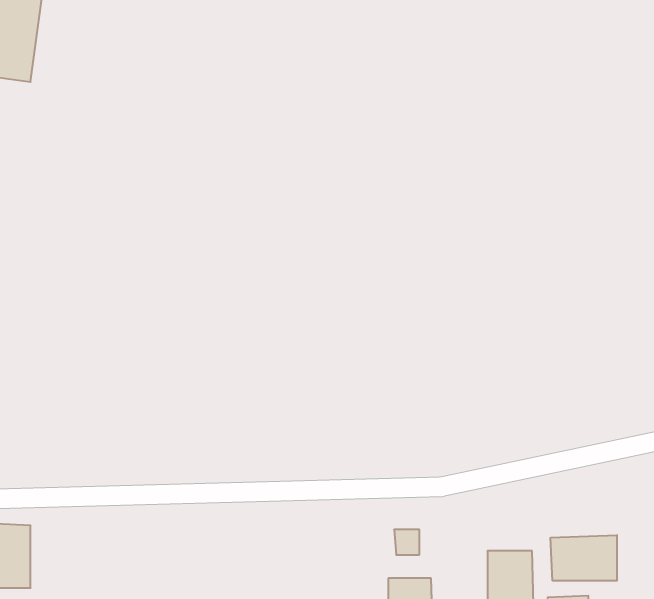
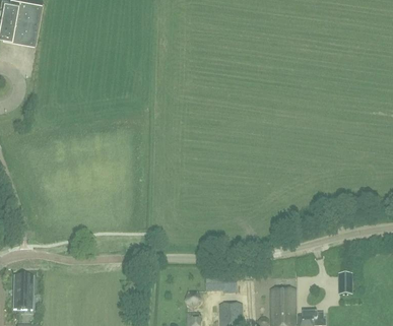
building: [551,535,617,581] -> none

